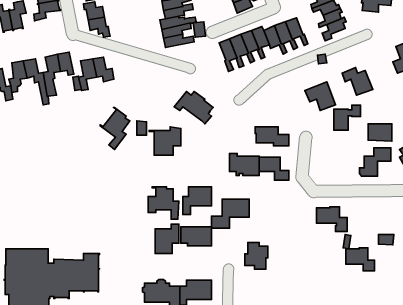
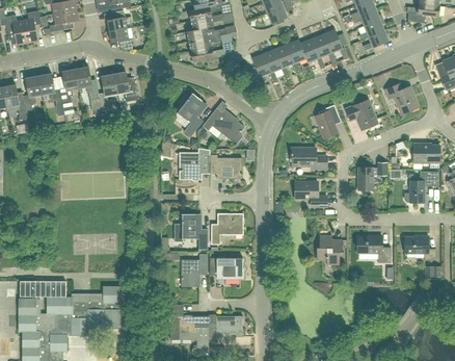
building: none -> [315,104,339,137]
building: [334,105,360,130] -> [357,162,386,189]
building: [100,108,130,150] -> [175,91,207,136]
building: [230,153,259,175] -> [210,154,242,178]
building: [211,199,249,228] -> none
building: [245,242,268,269] -> [317,235,342,264]
building: [346,248,375,271] -> [405,235,436,260]

